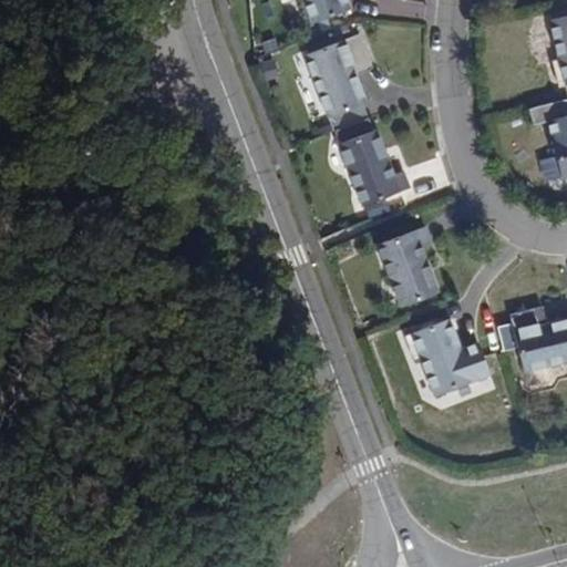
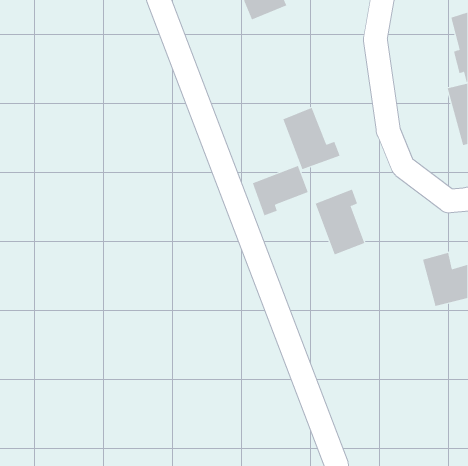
building: [306,34,372,131] -> none
building: none -> [252,165,309,216]
building: [405,318,489,389] -> none

